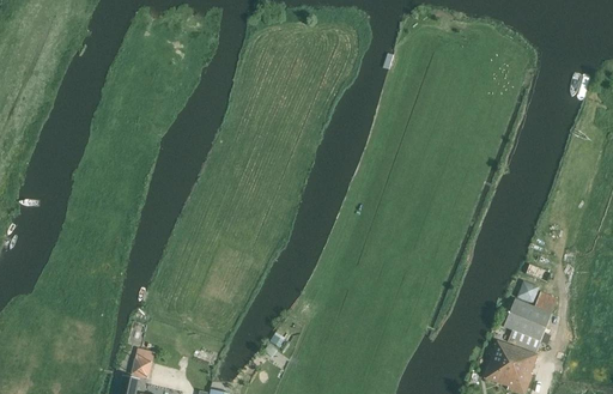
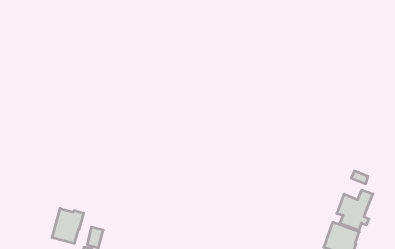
building: none -> [52,208,84,243]

